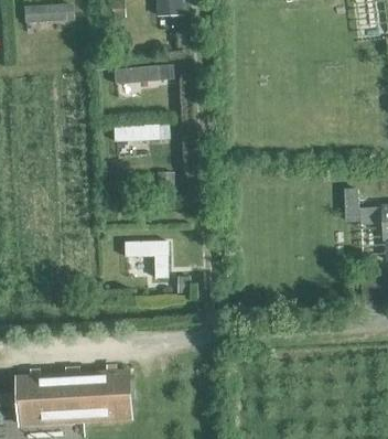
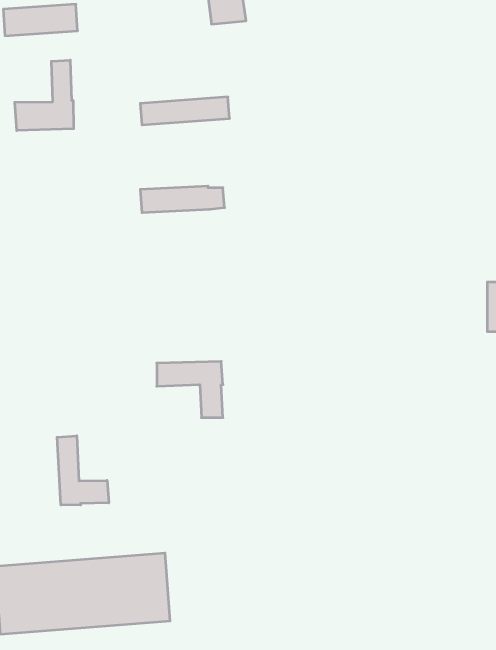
building: none -> [15,60,74,131]
building: none -> [57,436,109,505]

